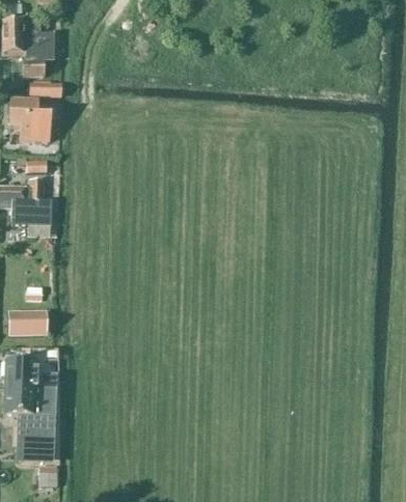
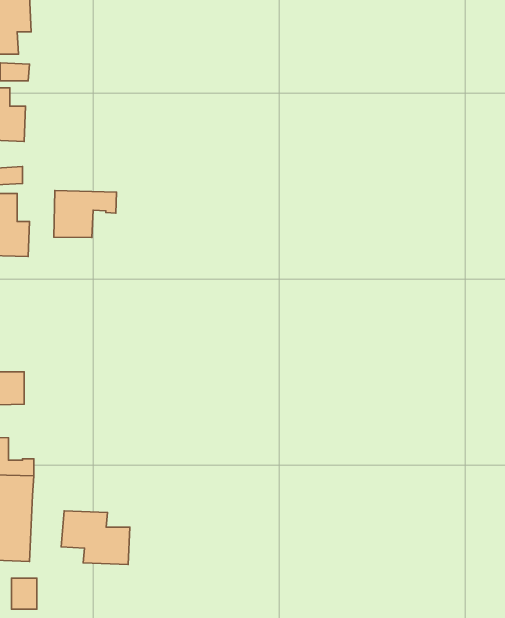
building: none -> [54,191,117,238]
building: none -> [61,511,130,564]

